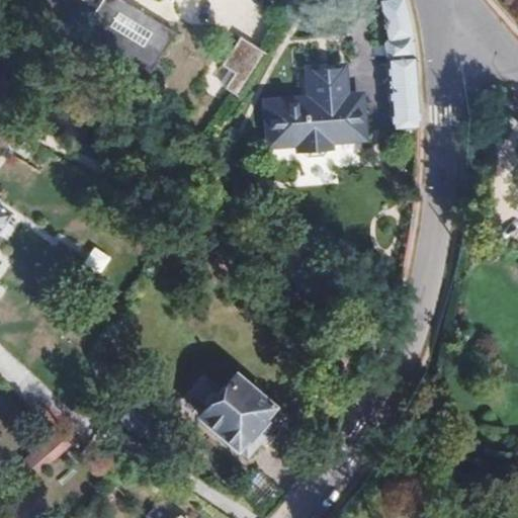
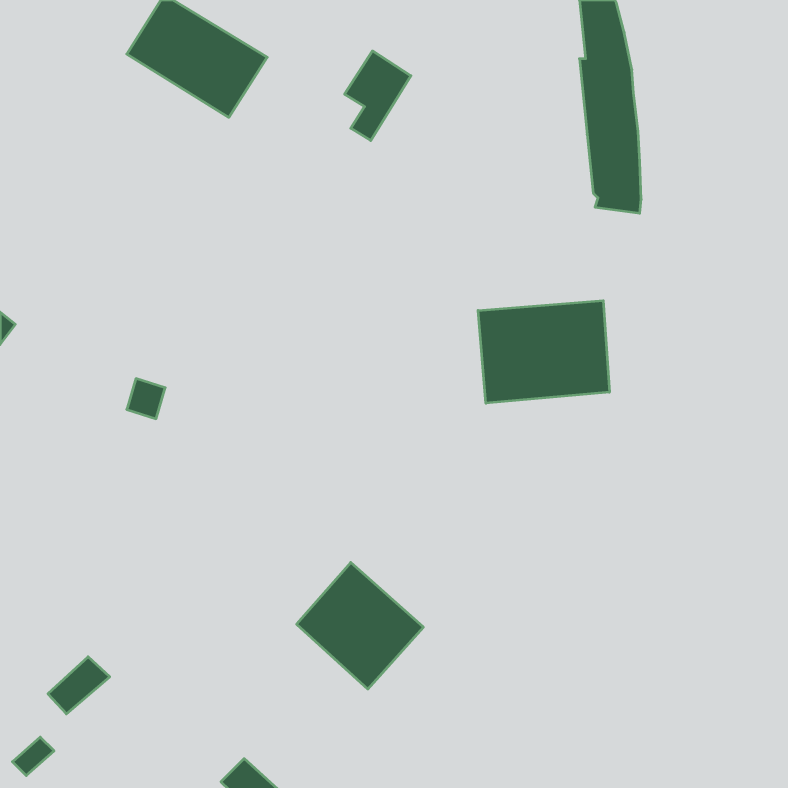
building: [268,65,362,155] -> none
building: none -> [478,301,609,403]

